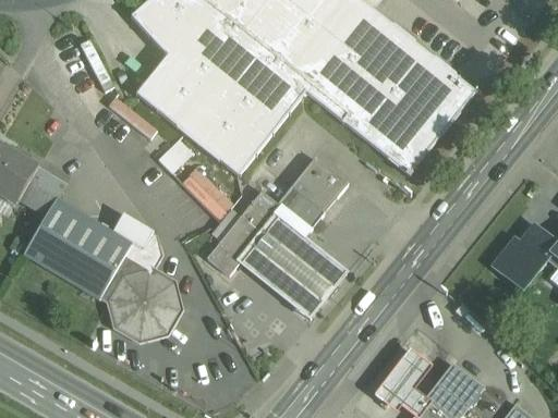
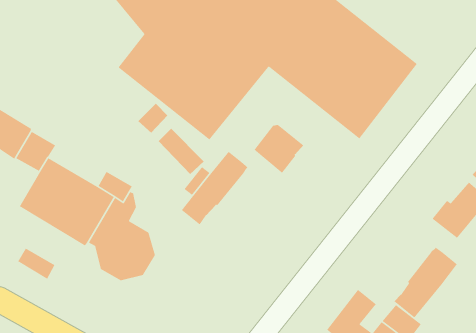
building: [277,187,323,232] -> none
building: [236,216,349,322] -> none
building: none -> [393,246,458,319]
building: none -> [17,247,55,280]

